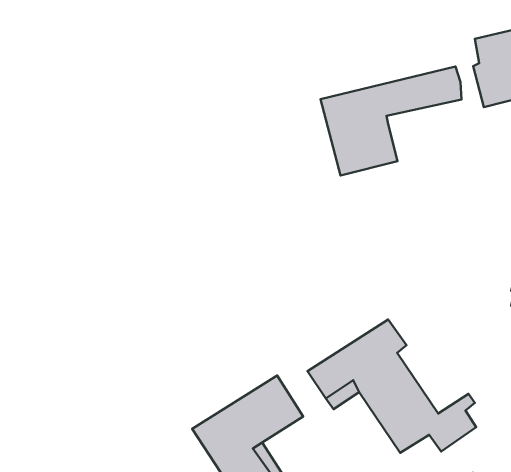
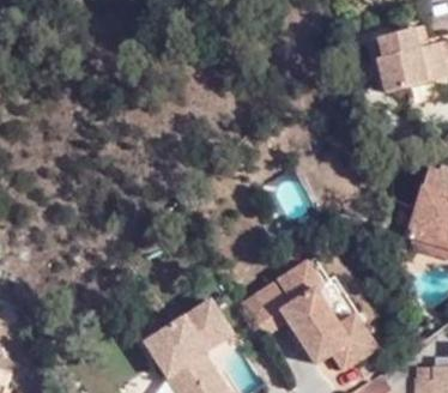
building: [321,66,461,176] -> none

